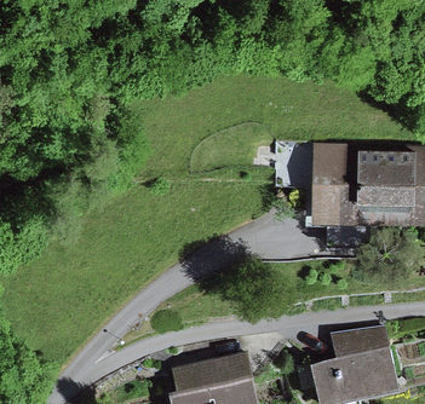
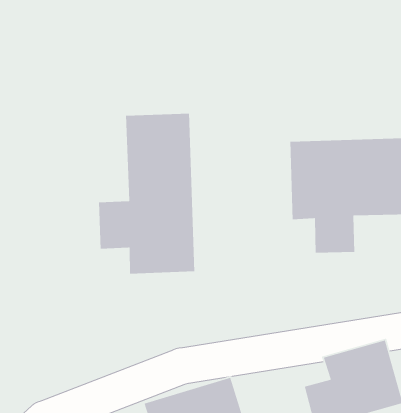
building: none -> [98,113,195,275]

